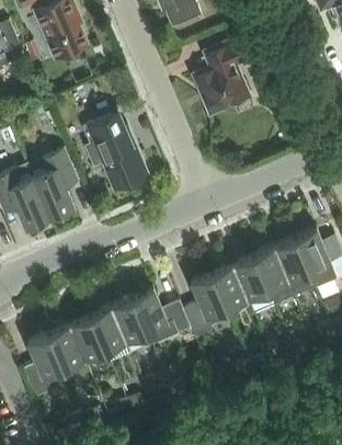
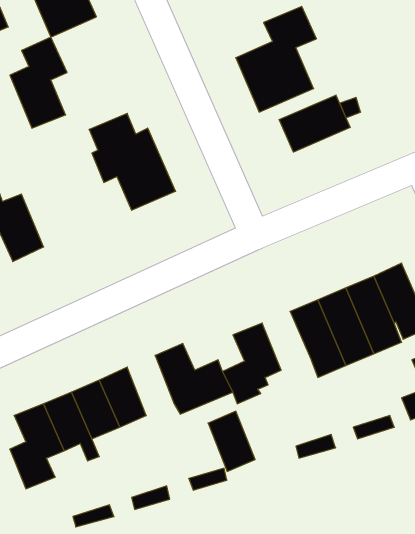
building: none -> [279,95,350,152]
building: [32,148,75,216] -> [10,37,67,128]
building: [212,264,248,308] -> none
building: [111,297,146,342] -> [208,411,255,471]

